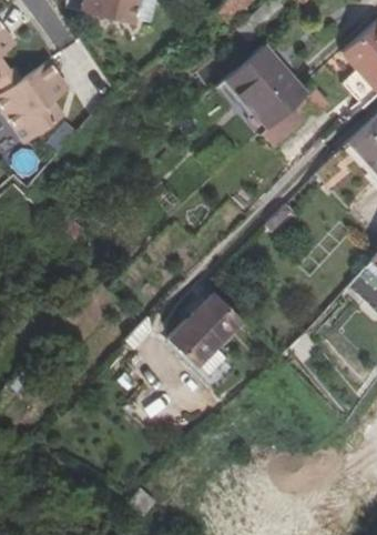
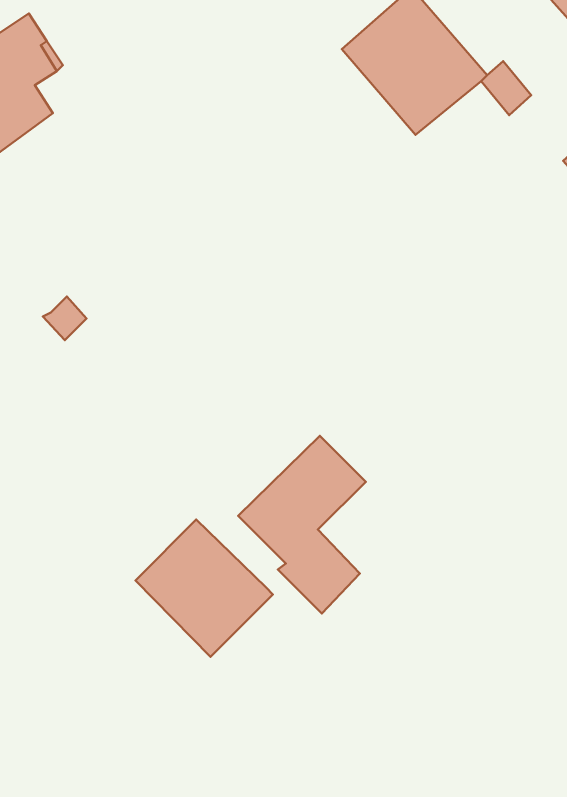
building: none -> [136,520,273,657]

